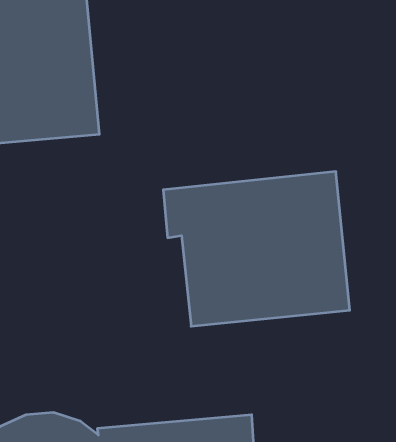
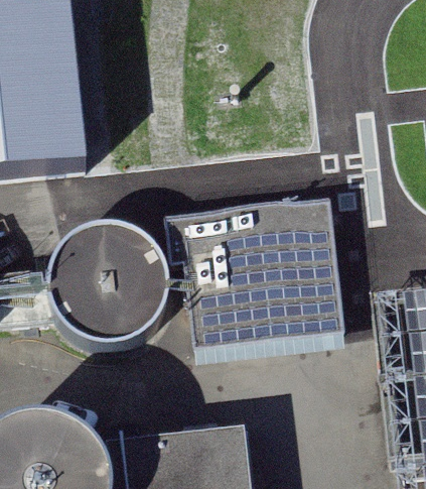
building: none -> [45,224,168,346]

